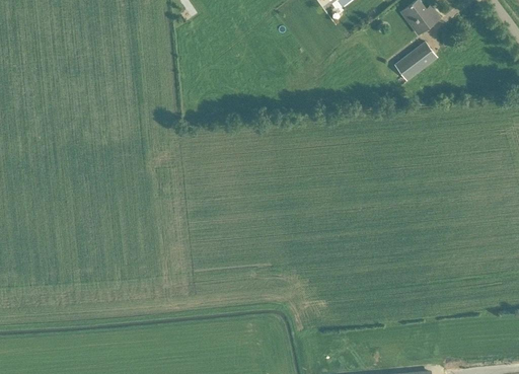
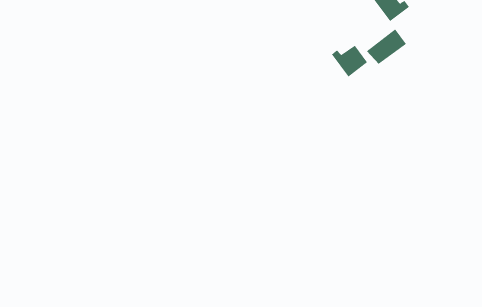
building: none -> [331,45,368,77]

